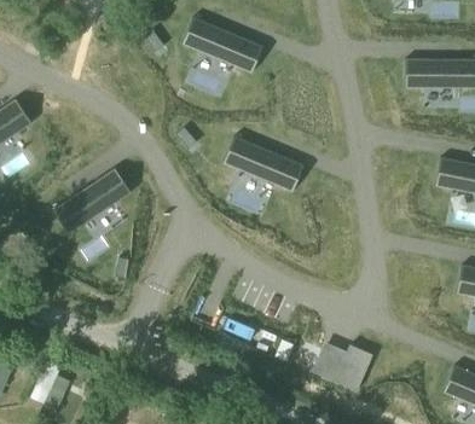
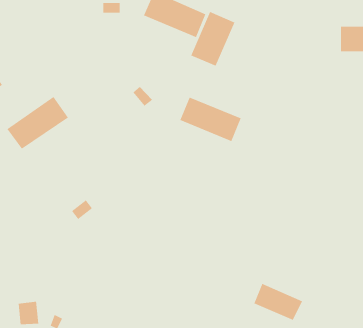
building: none -> [191,11,235,67]
building: [57,172,127,232] -> [7,96,69,150]

